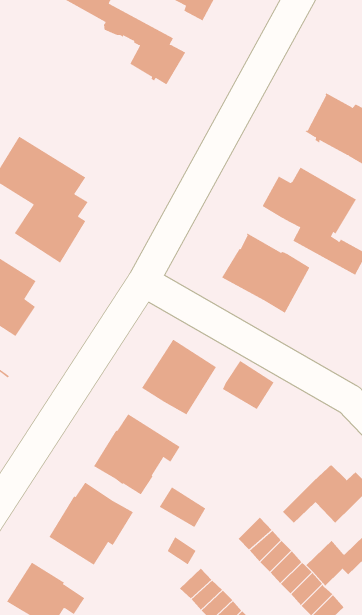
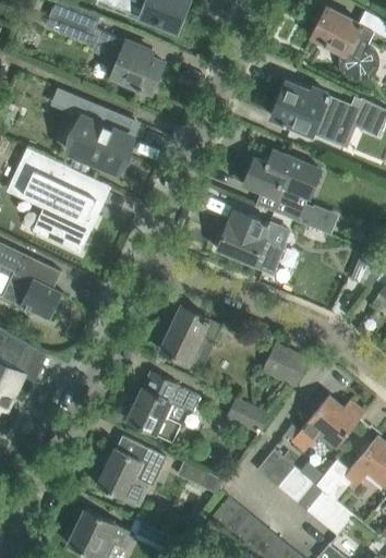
building: none -> [50,88,150,181]
building: [222,360,275,410] -> [263,344,306,385]
building: [159,486,206,528] -> [226,399,266,432]

